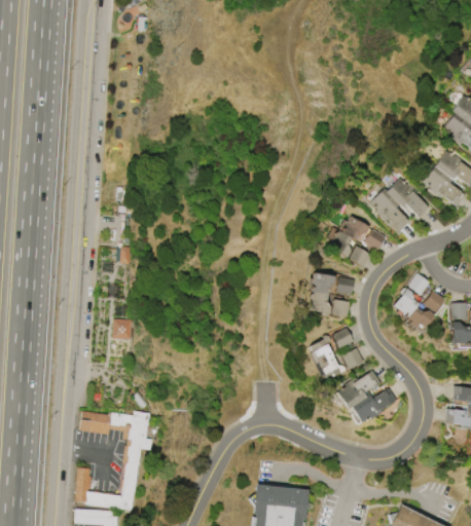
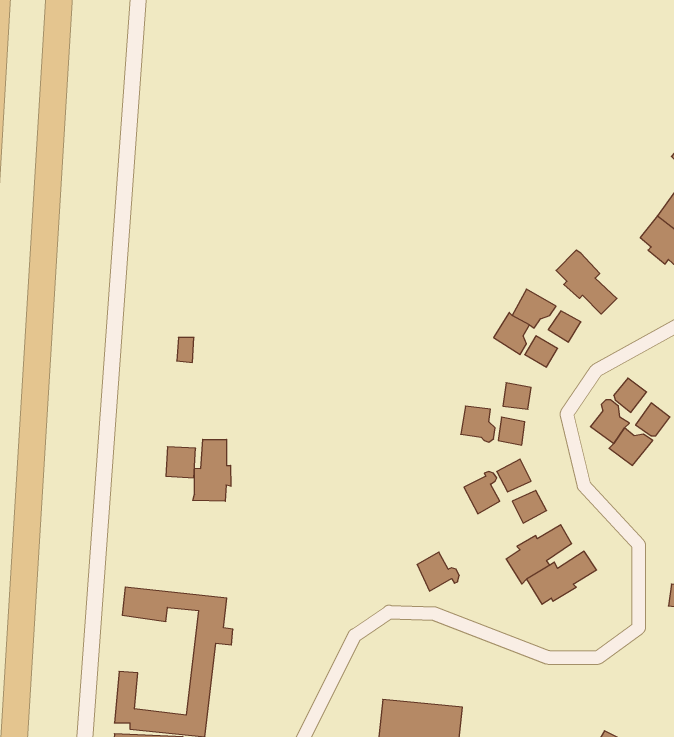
building: [387,178,430,218] -> none
building: [311,272,335,294] -> none
building: none -> [193,439,231,501]
building: [319,354,347,380] -> [417,552,459,591]

